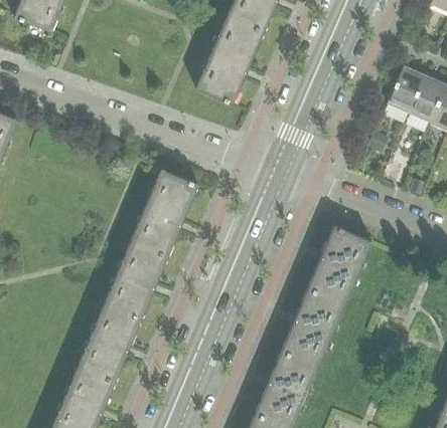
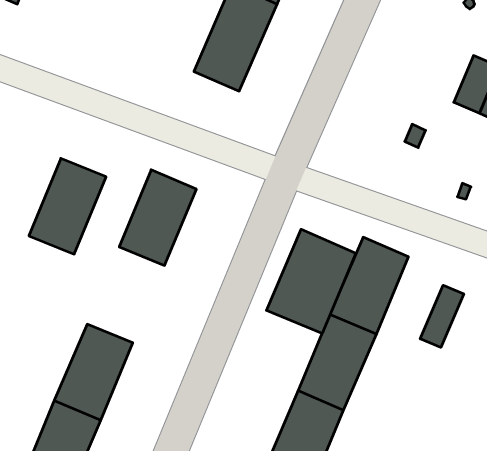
building: [387,64,425,113] -> none
building: none -> [266,229,356,333]
building: [108,231,171,309] -> [29,158,106,254]
building: none -> [420,285,464,347]

